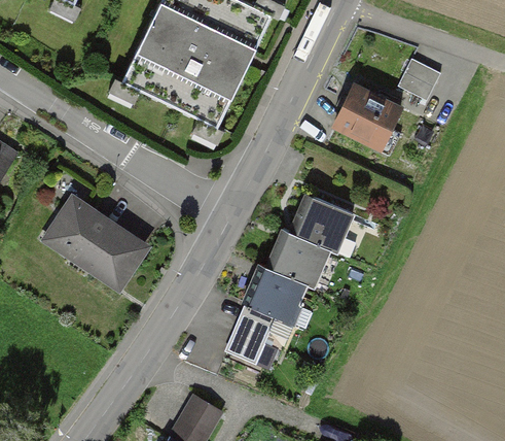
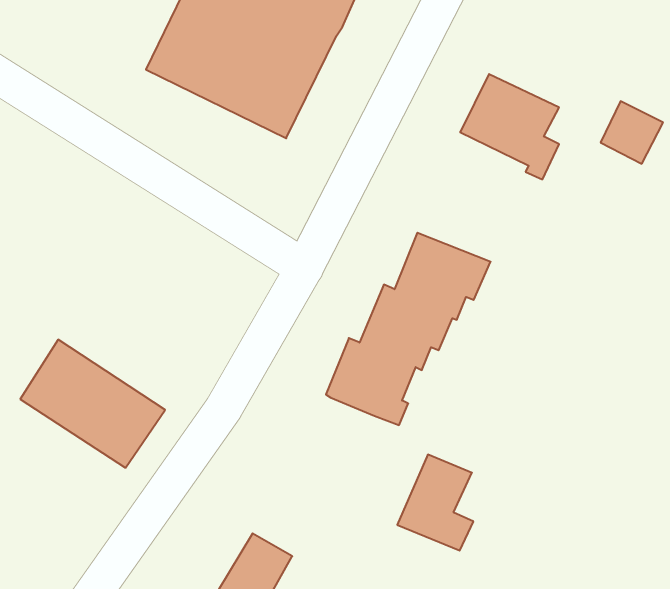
building: [398,58,440,100] -> [601,101,663,164]
building: [47,198,145,284] -> [20,340,165,468]
building: [226,303,278,368] -> [397,455,473,551]

